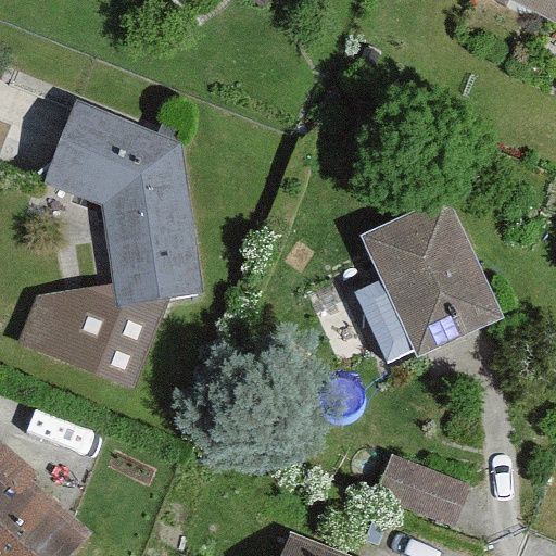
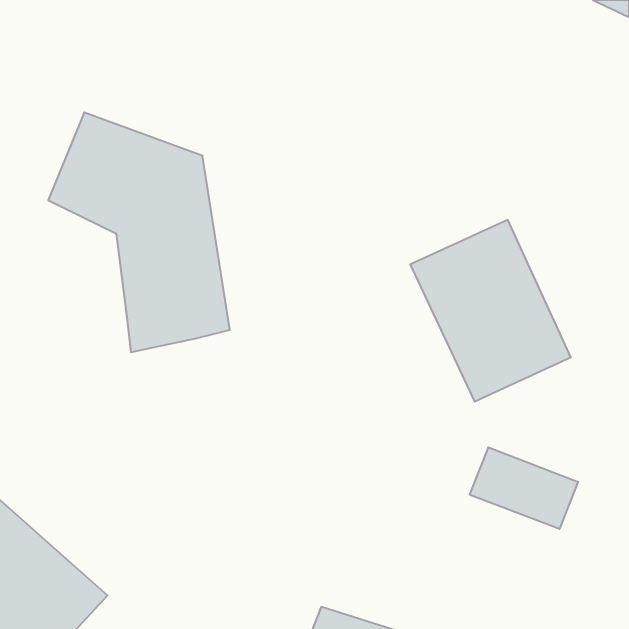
building: [18,283,172,392] -> none
building: [376,456,471,528] -> [470,447,578,529]

